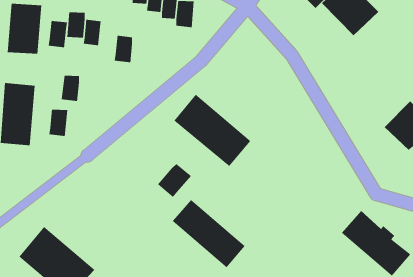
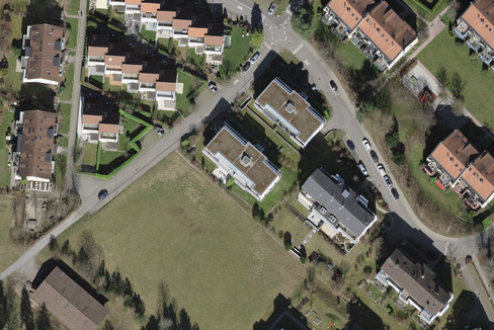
building: [48,20,68,48] -> [119,51,141,80]
building: none -> [154,69,174,97]
building: none -> [253,78,326,148]
building: [48,109,68,136] -> [97,110,118,140]
building: [157,163,192,198] -> none
building: [172,199,246,268] -> [301,172,380,246]

